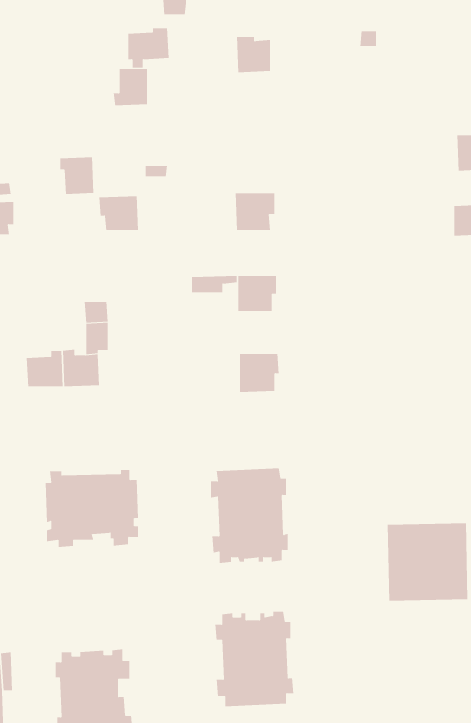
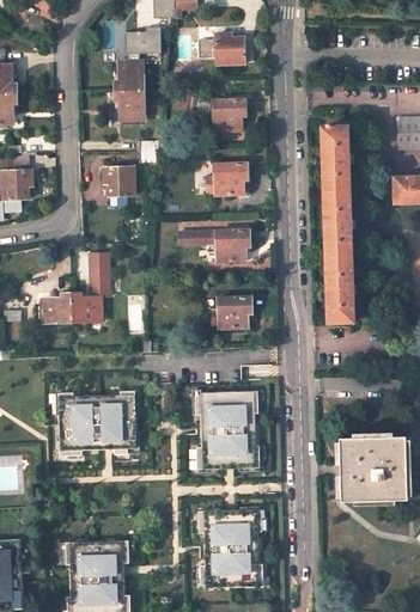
building: none -> [213,98,245,130]
building: none -> [322,126,353,322]
building: [59,157,94,194] -> [115,90,144,121]

